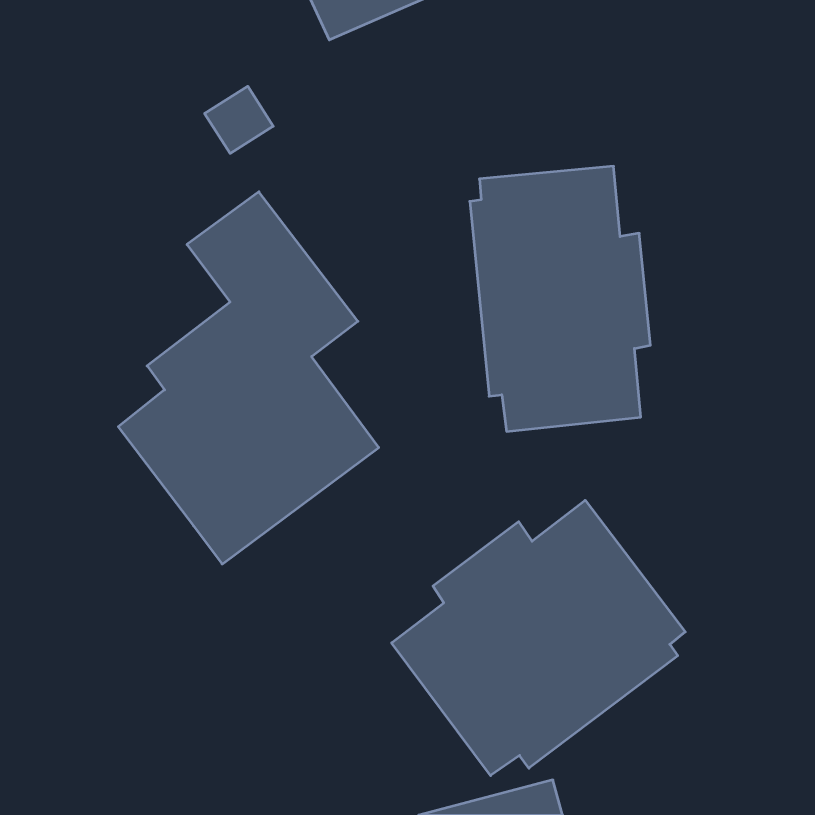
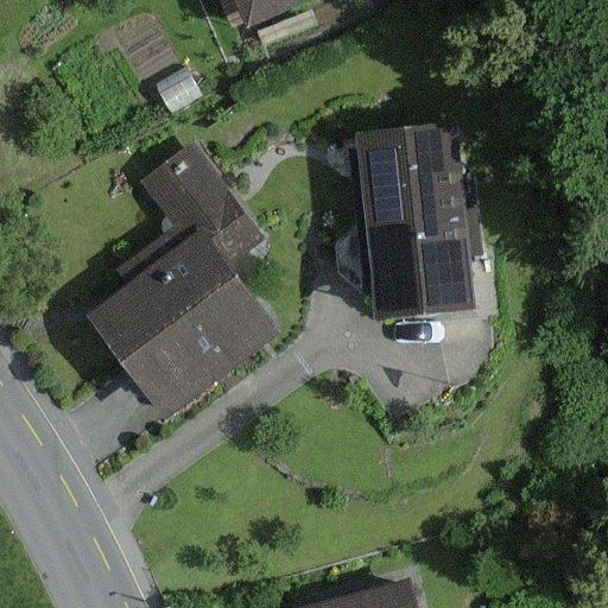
building: [392,500,685,776] -> none

